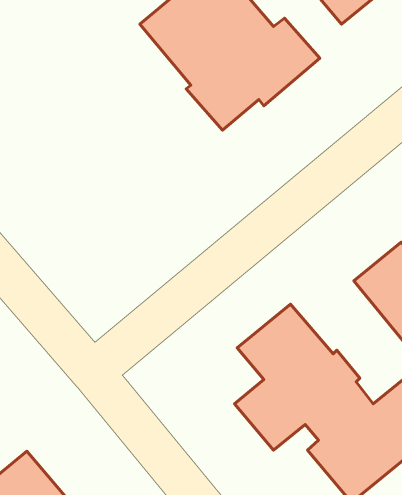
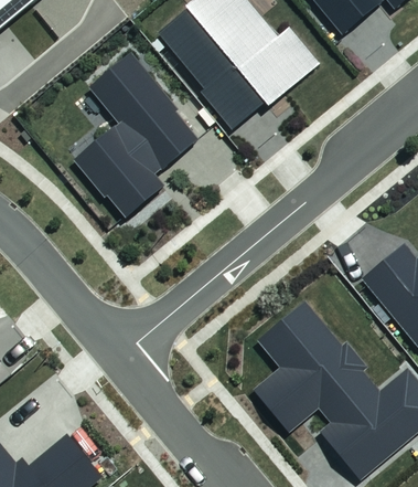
building: none -> [79,61,204,225]

